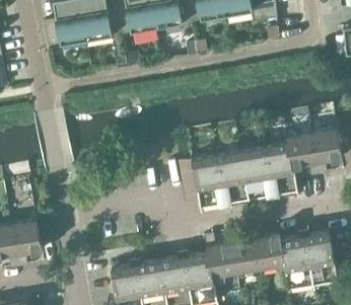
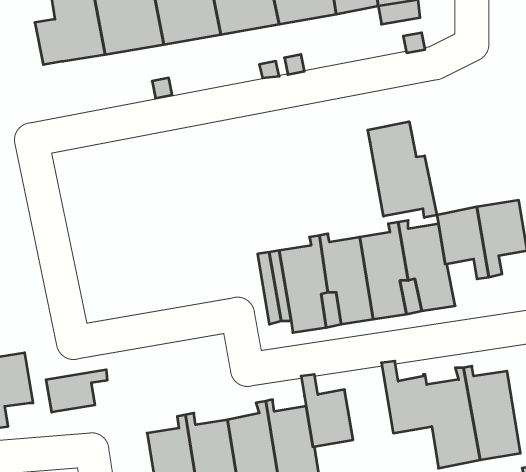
building: none -> [368,122,437,218]
building: [231,226,261,273] -> none
building: none -> [46,370,107,412]

